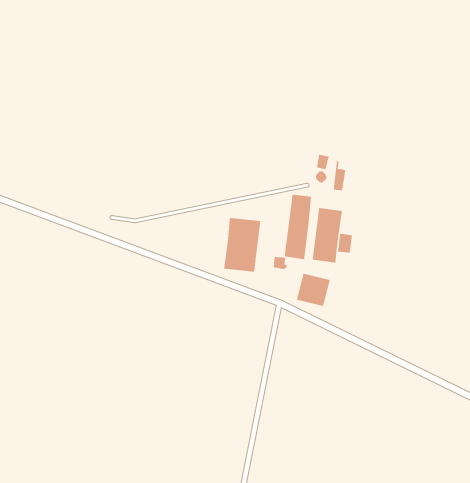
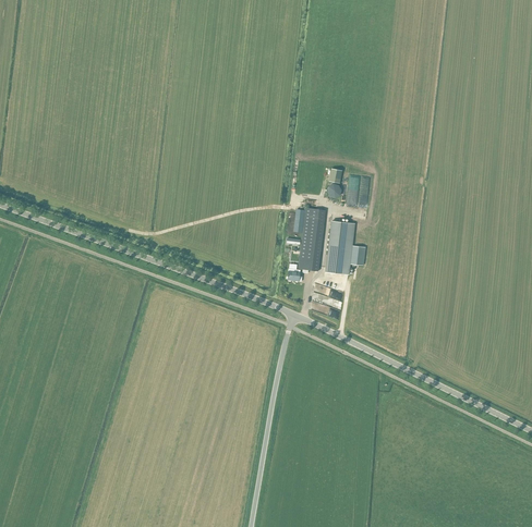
building: [223,217,261,273] -> none

